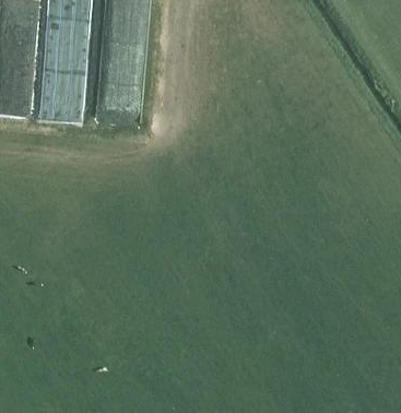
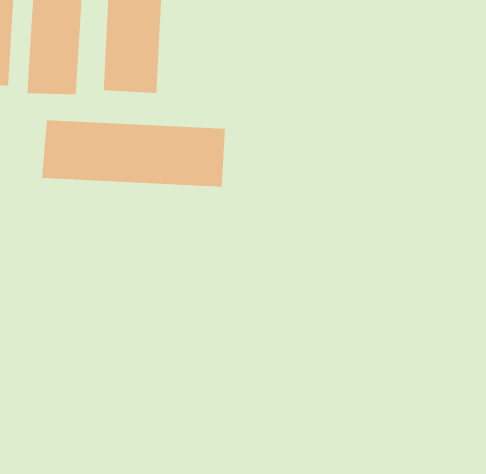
building: none -> [41,119,226,187]

